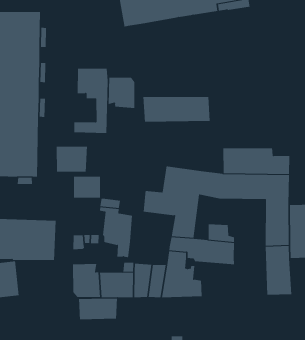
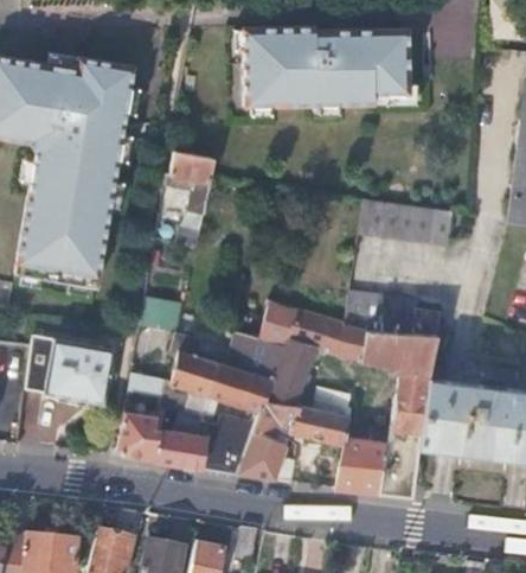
building: [108,77,135,109] -> none
building: [143,97,211,122] -> [360,198,453,246]
building: [56,146,87,172] -> none
building: none -> [209,357,272,409]
building: none -> [336,427,386,495]
building: [79,298,117,320] -> none

